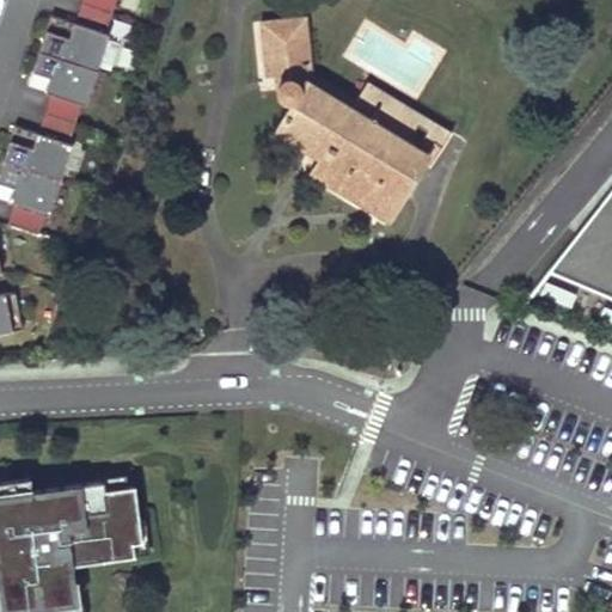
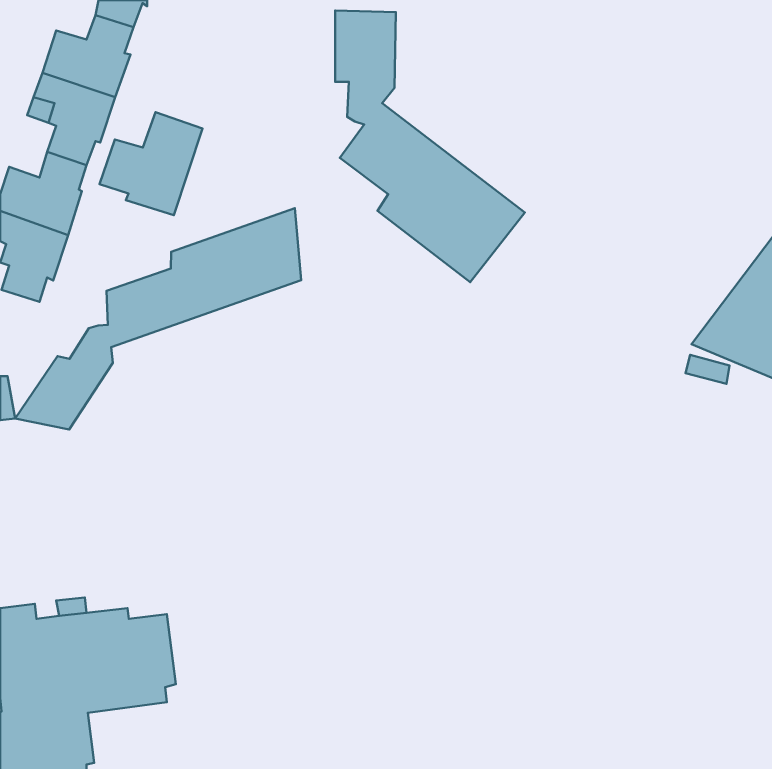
building: [304,74,446,176] -> none
building: none -> [99,112,203,215]
building: none -> [15,208,301,430]

